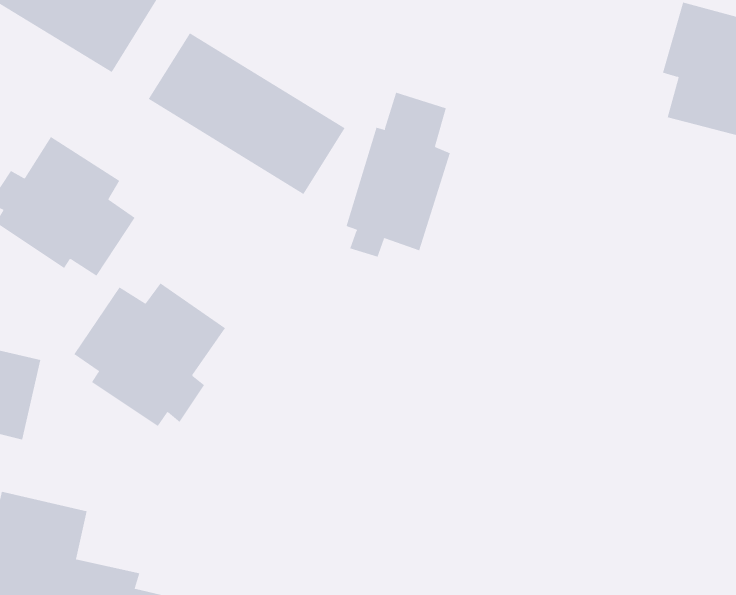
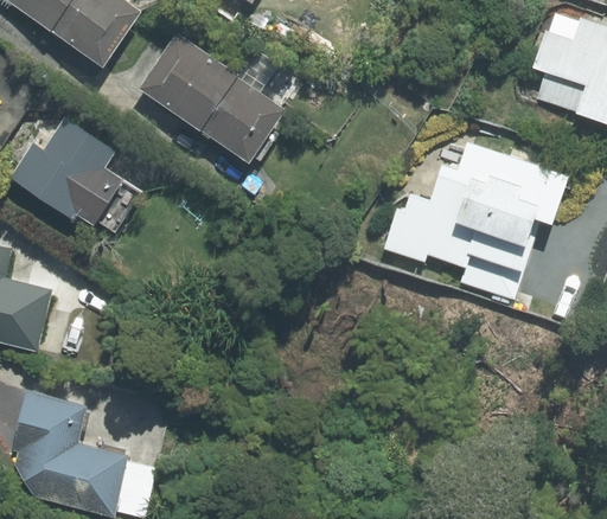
building: [346,92,451,258] -> none
building: none -> [379,140,571,301]
building: [73,283,226,427] -> none

